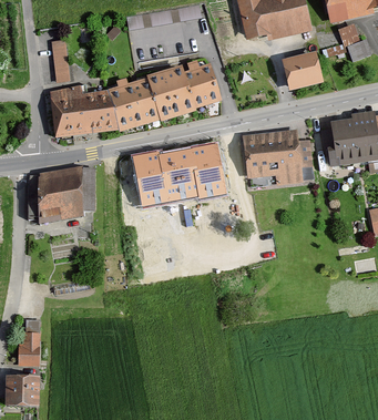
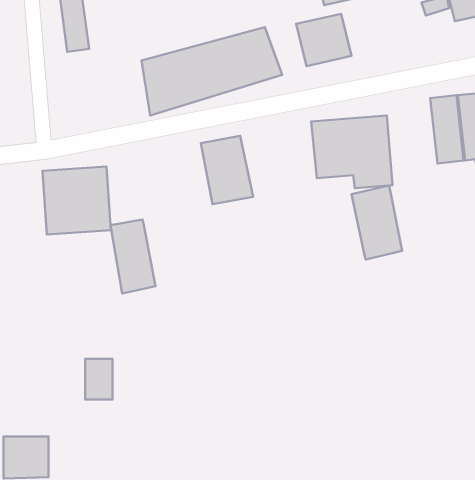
building: [284,52,326,92] -> [296,14,351,66]
building: [48,84,119,140] -> none
building: [187,140,226,196] -> [351,186,402,260]
building: [132,147,166,204] -> [111,219,156,293]
building: [19,334,40,365] -> [85,359,113,399]

